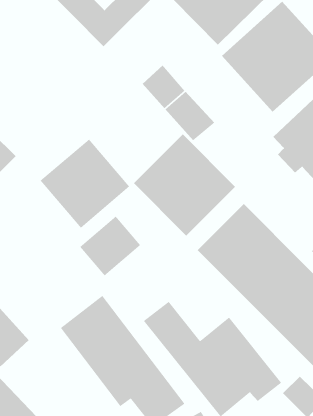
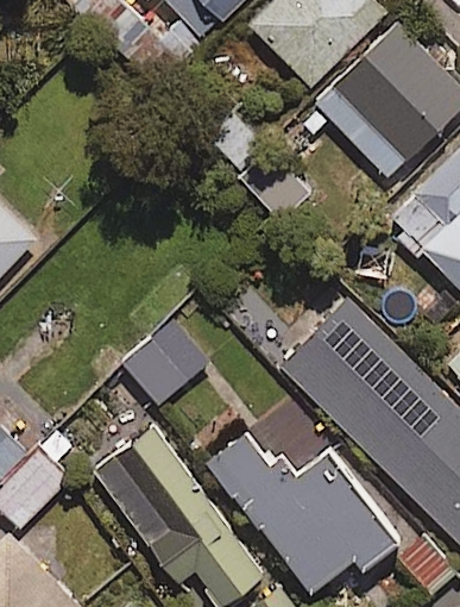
building: [133,133,236,236] -> none
building: [39,138,130,229] -> none

